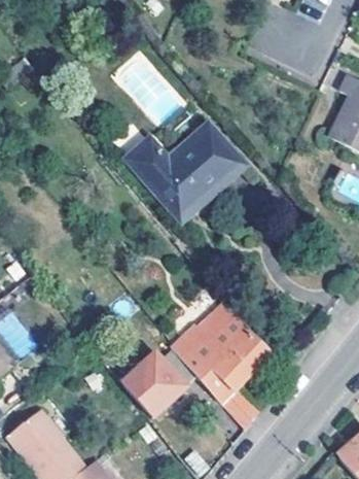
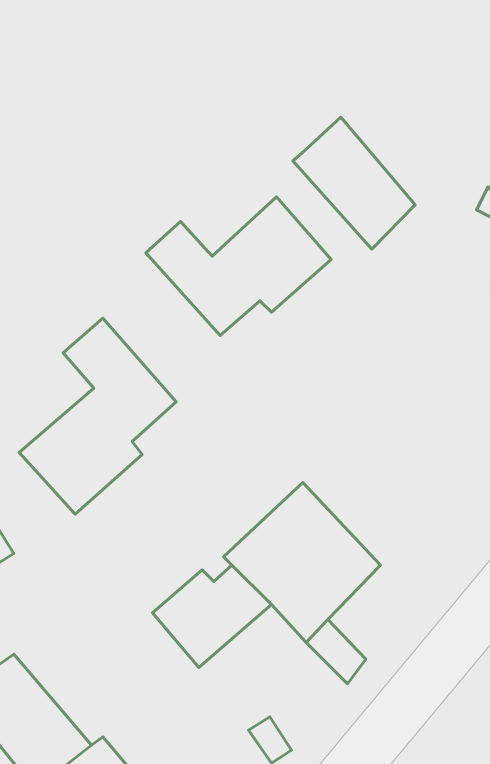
building: none -> [293,117,415,249]
building: none -> [19,318,176,514]

